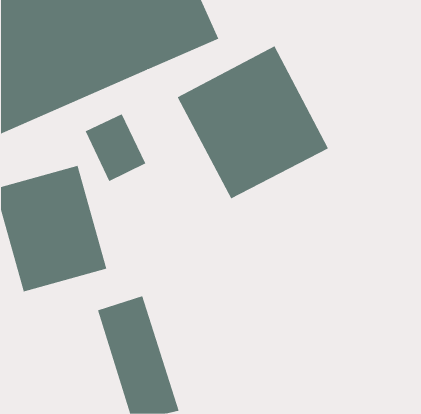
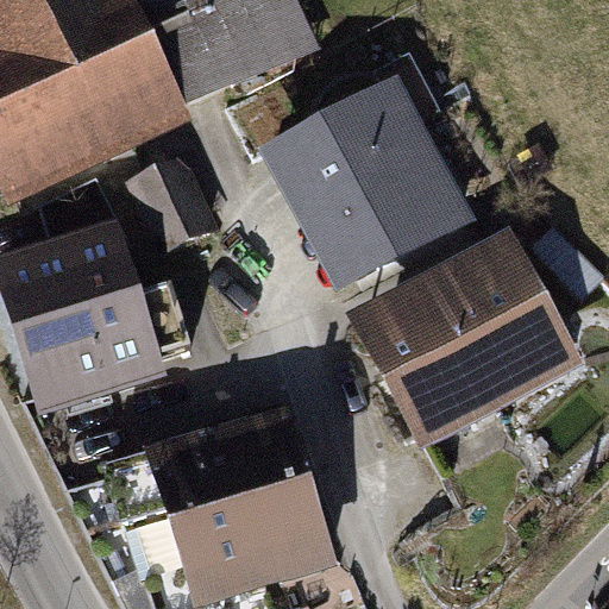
building: none -> [356,232,578,446]
building: none -> [209,402,331,589]

